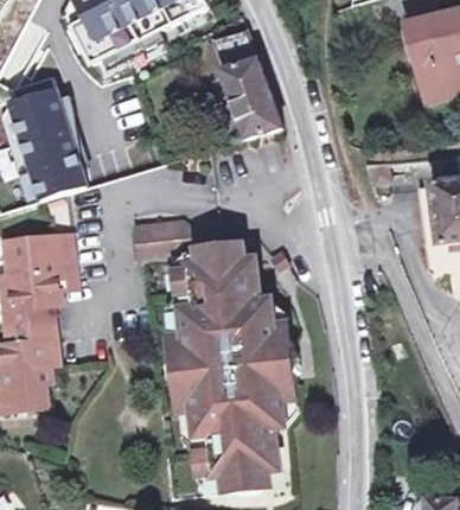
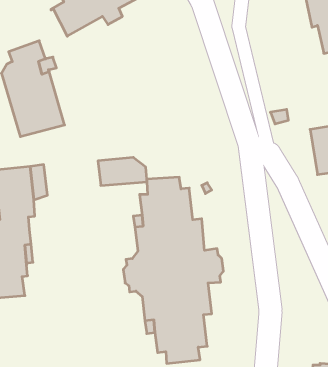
building: [212,33,283,141] -> none

